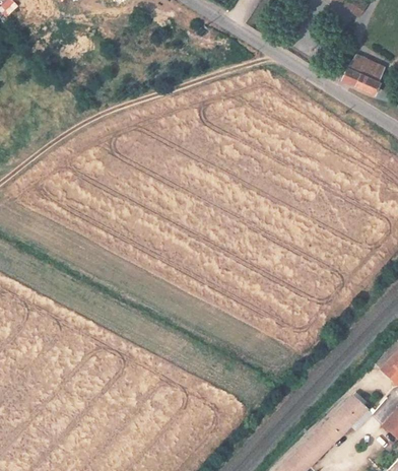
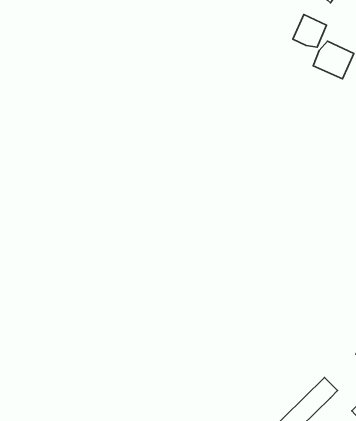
building: none -> [293,15,327,47]

